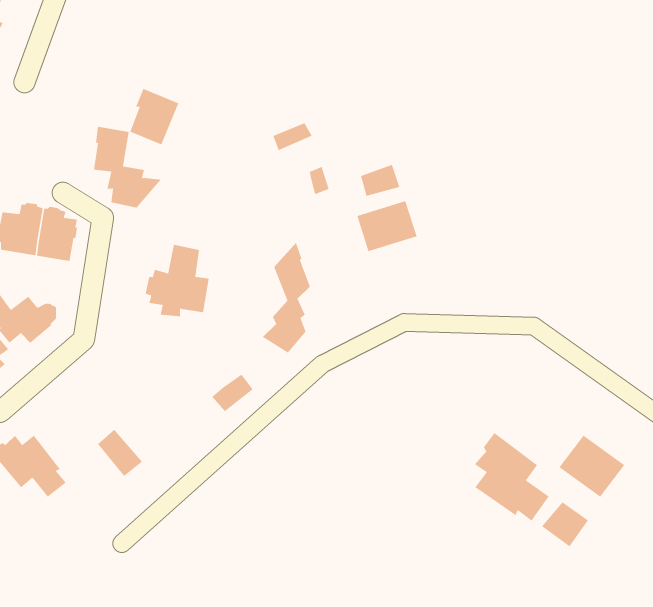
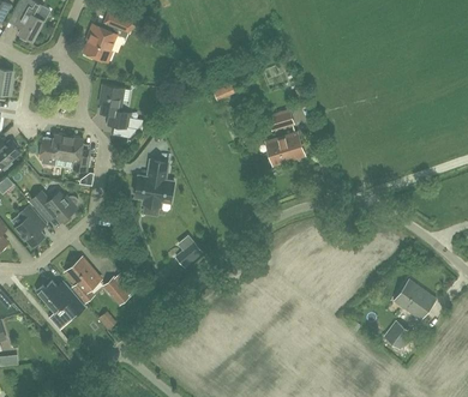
building: [129,88,179,145] -> [84,24,115,60]
building: [262,242,310,354] -> none
building: none -> [65,258,100,301]
building: [474,432,550,521] -> none

